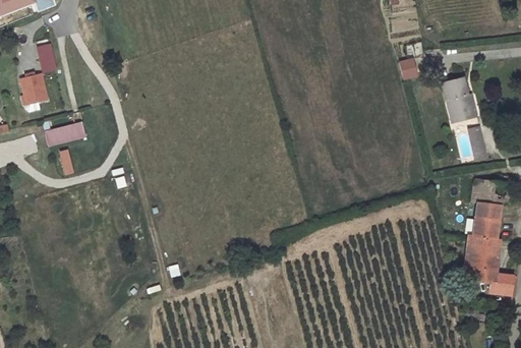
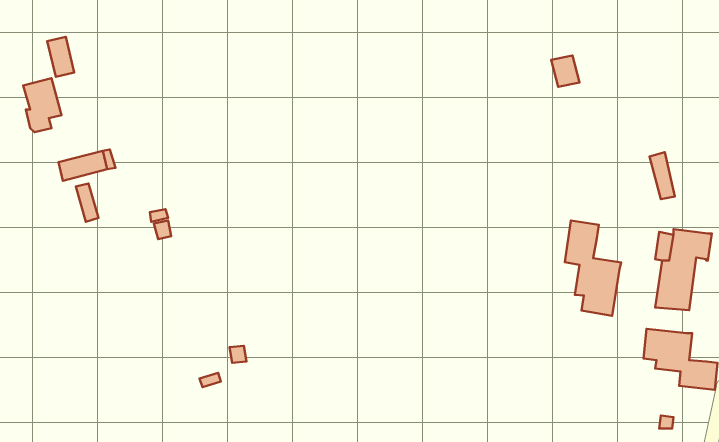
building: [443,76,476,118] -> none
building: none -> [565,220,621,316]
building: [466,235,497,254] -> none

